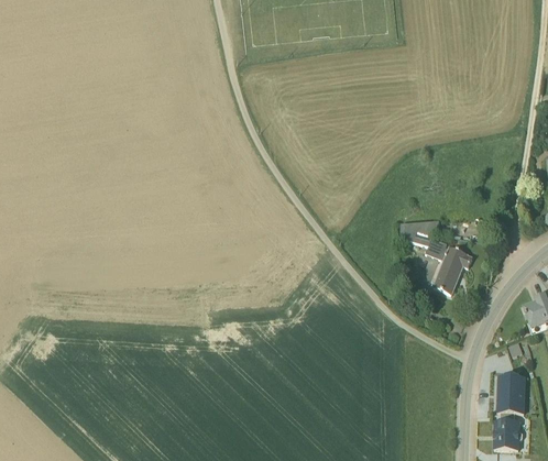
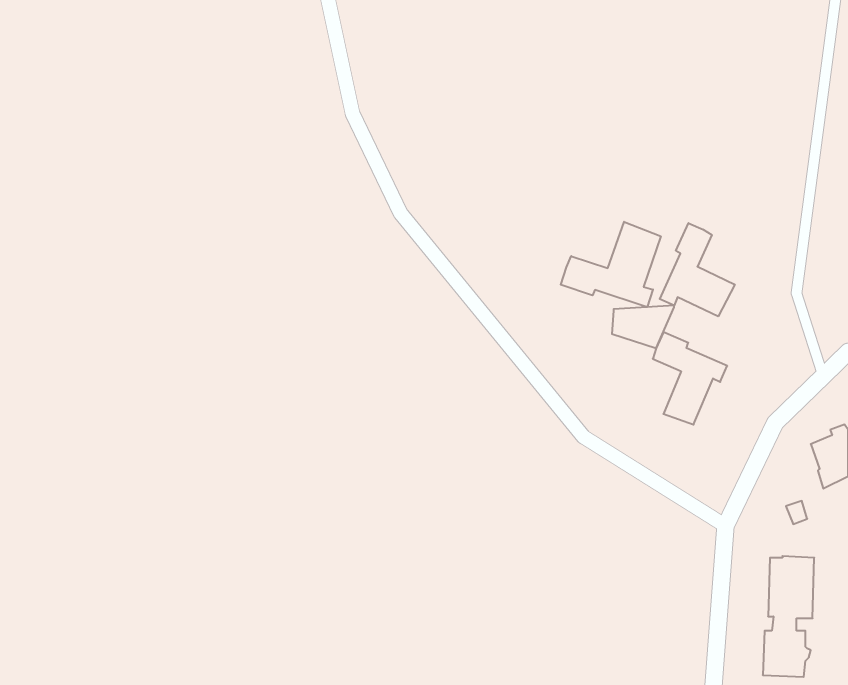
building: none -> [561,222,661,307]
building: none -> [660,223,735,316]

